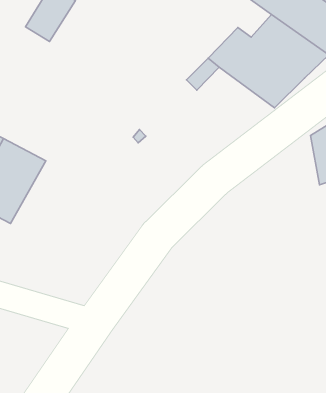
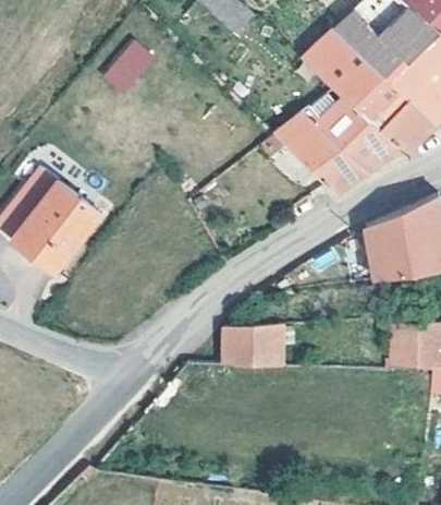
building: none -> [225,321,286,364]

